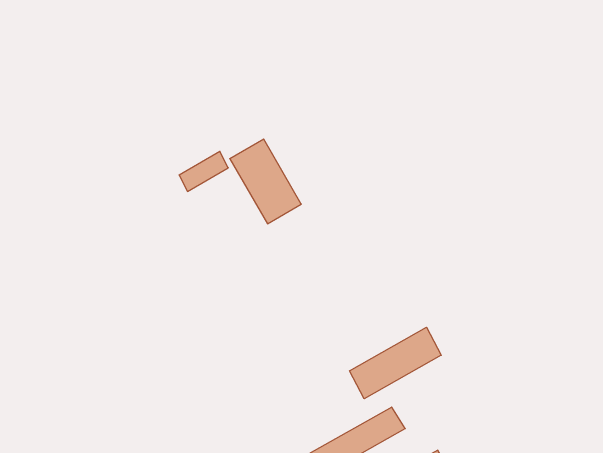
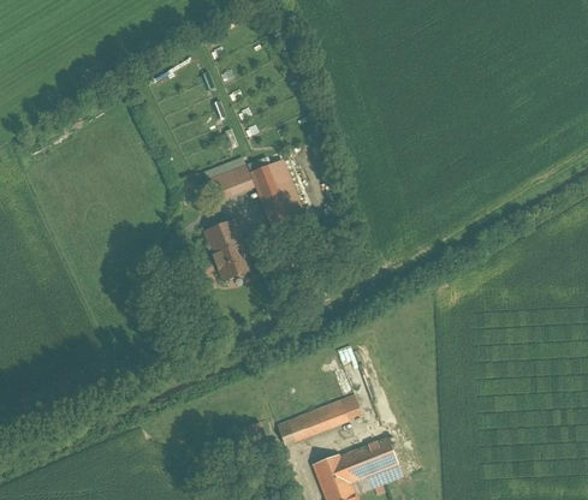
building: none -> [204,220,253,280]
building: [350,327,441,399] -> none

